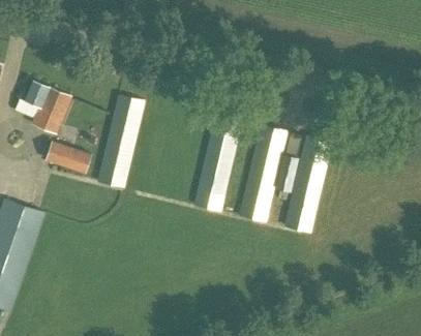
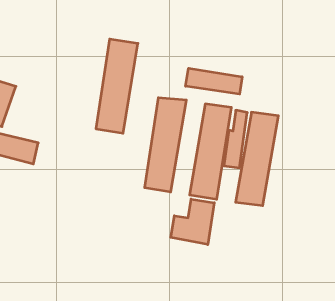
building: none -> [186,68,242,94]
building: [97,93,145,188] -> [96,39,138,133]
building: none -> [171,199,214,245]

